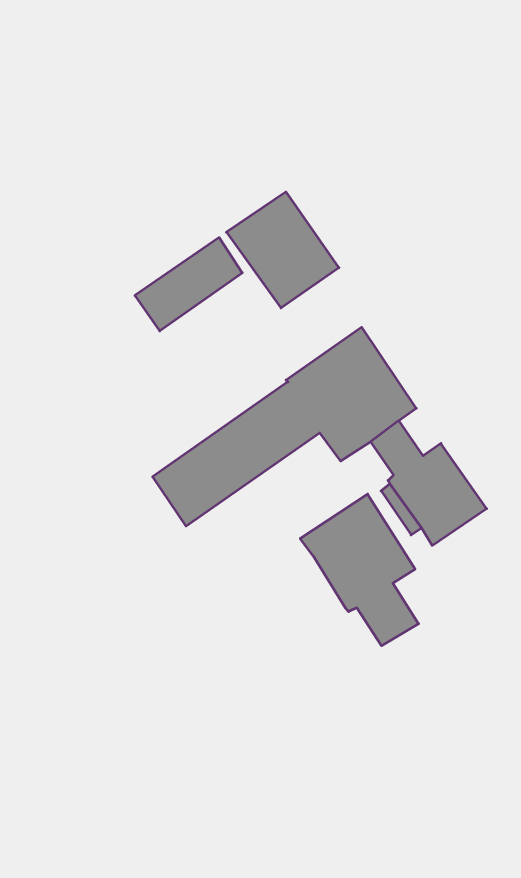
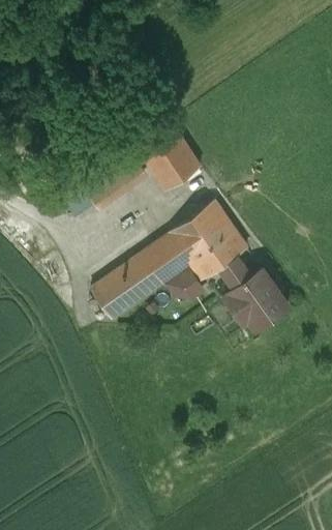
building: none -> [169,272,203,299]
building: [300,494,419,646] -> none

